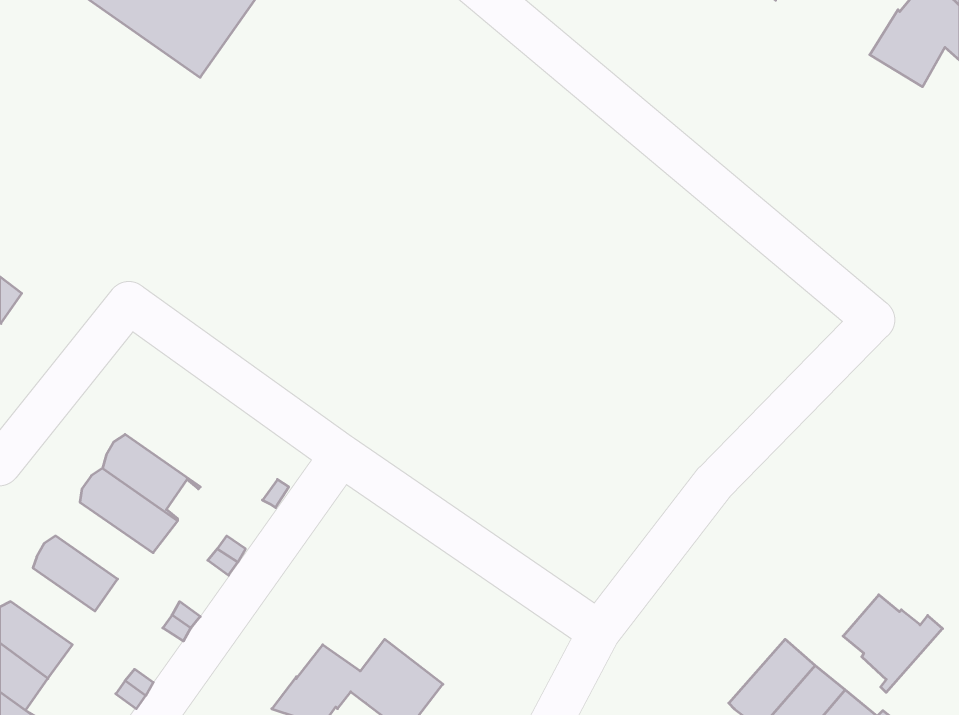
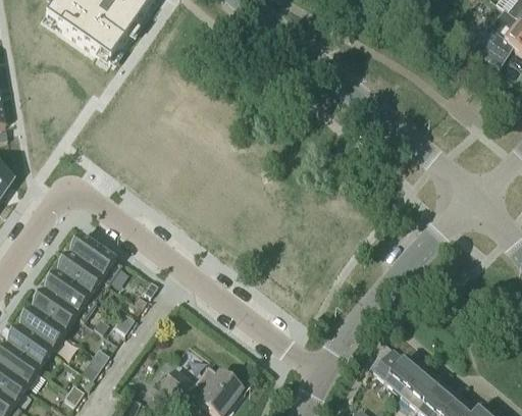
building: none -> [68,238,122,284]
building: none -> [31,293,84,334]
building: none -> [6,328,52,370]
building: [843,595,943,692] -> [372,349,426,402]

